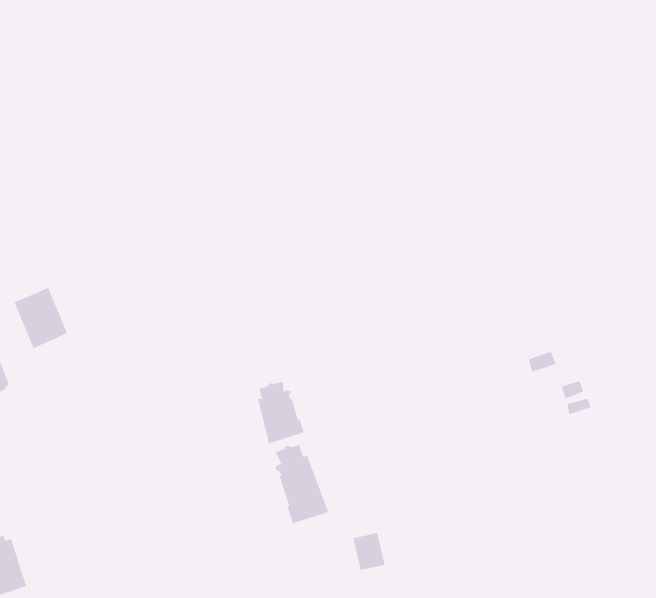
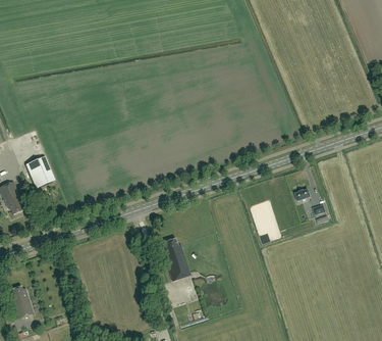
building: [257,381,305,444] -> none

